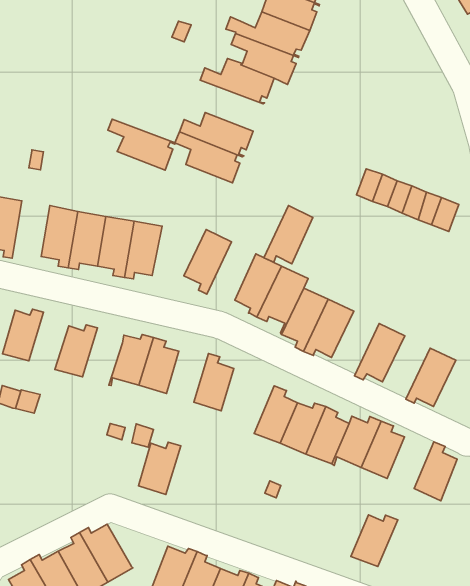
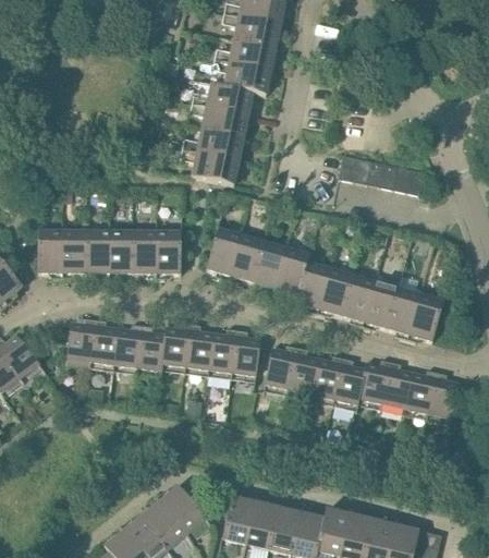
building: [108,119,175,170] -> [190,105,247,140]
building: none -> [61,230,85,279]
building: [264,205,313,264] -> [228,234,262,283]
building: none -> [340,275,375,328]
building: none -> [89,319,118,365]
building: none -> [136,325,164,371]
building: none -> [386,288,420,340]
building: none -> [264,345,296,390]
building: [138,442,181,494] -> [208,329,237,373]
building: [351,515,398,566] -> [403,369,437,413]

